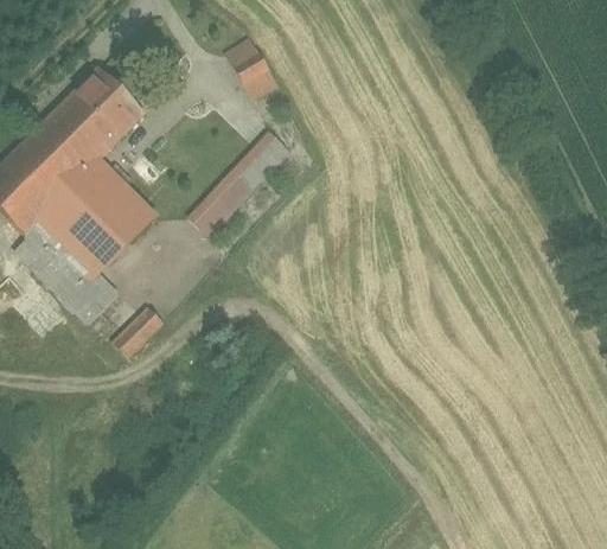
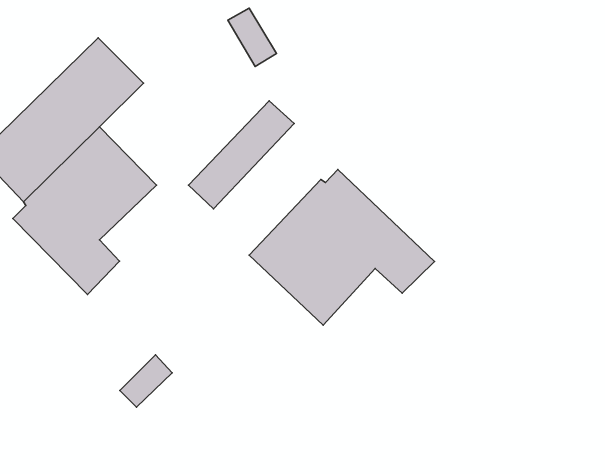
building: none -> [249,170,435,325]
building: [110,305,162,357] -> [120,355,172,407]

